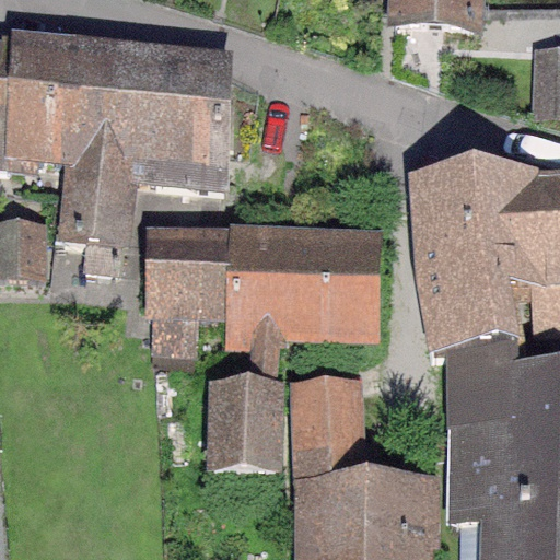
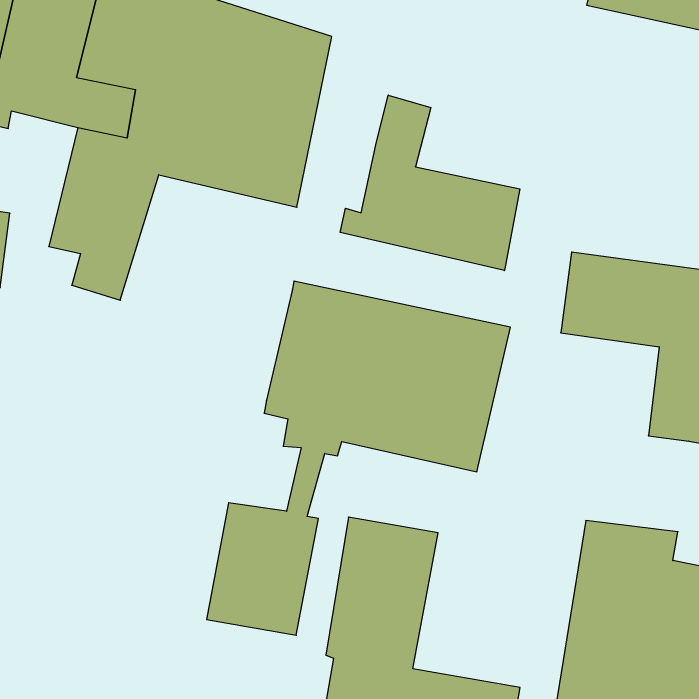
building: none -> [340,95,520,271]
building: [415,234,515,358] -> none
building: [152,238,232,347] -> none

